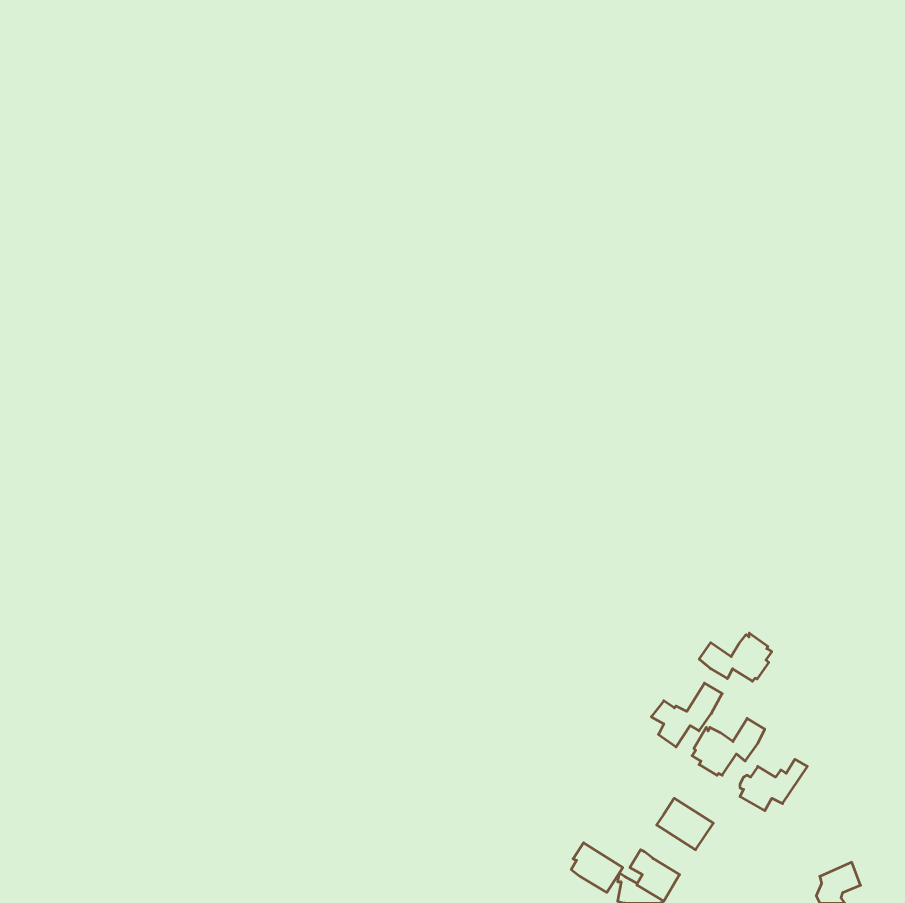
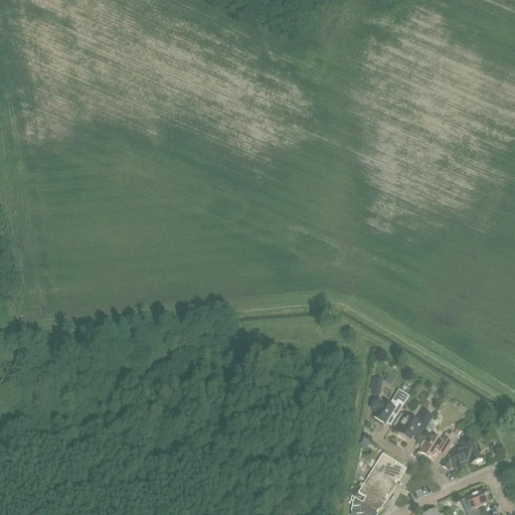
building: [699,633,772,681] -> none
building: none -> [441,441,482,470]
building: [571,843,623,892] -> [365,468,394,496]

